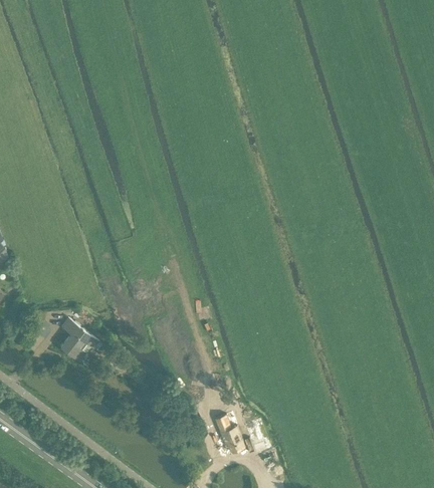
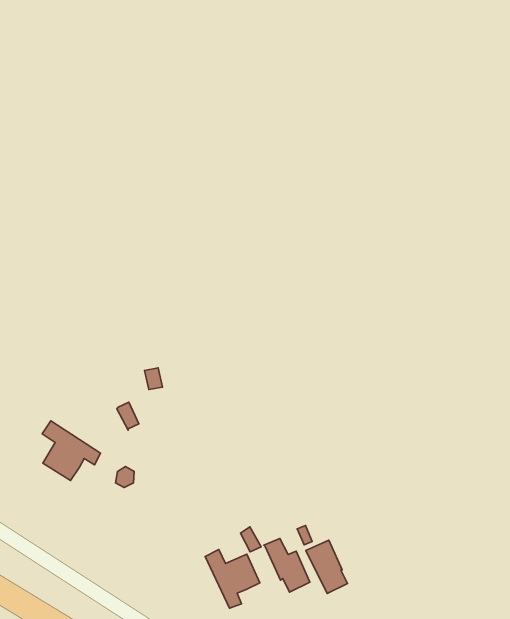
building: none -> [205,550,260,608]

